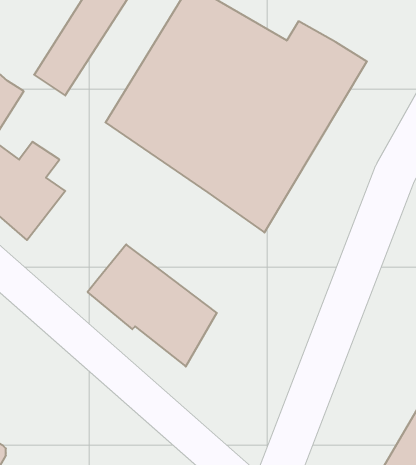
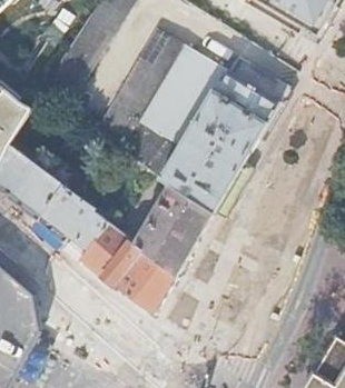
building: none -> [34,179,109,245]
building: none -> [136,180,213,270]

